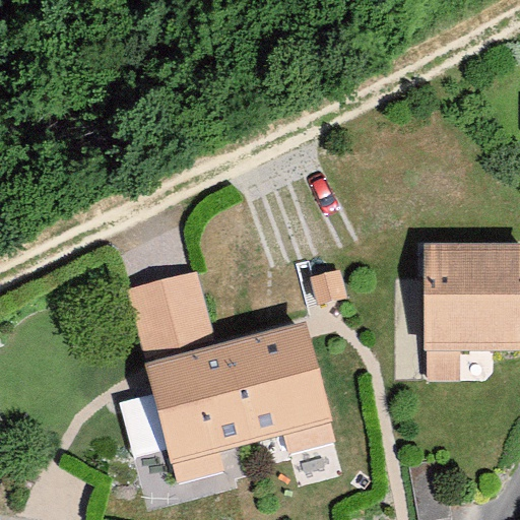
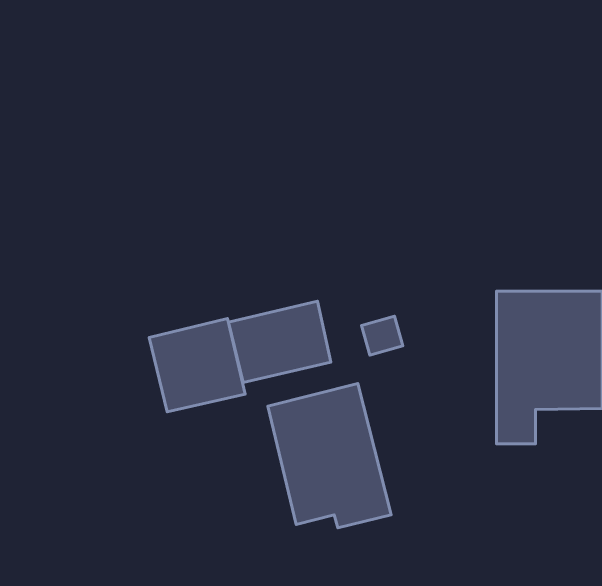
building: none -> [228,301,331,383]
building: [148,348,254,480] -> none

